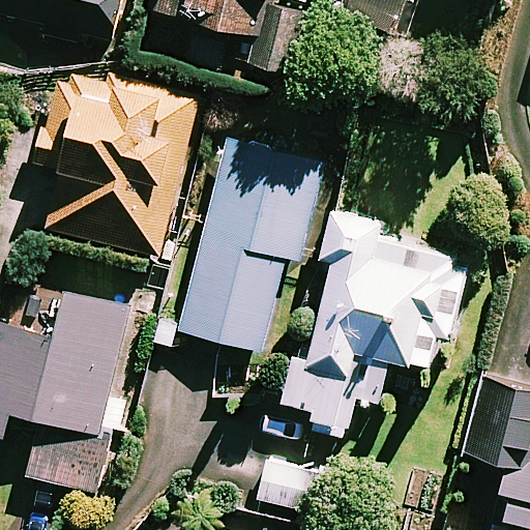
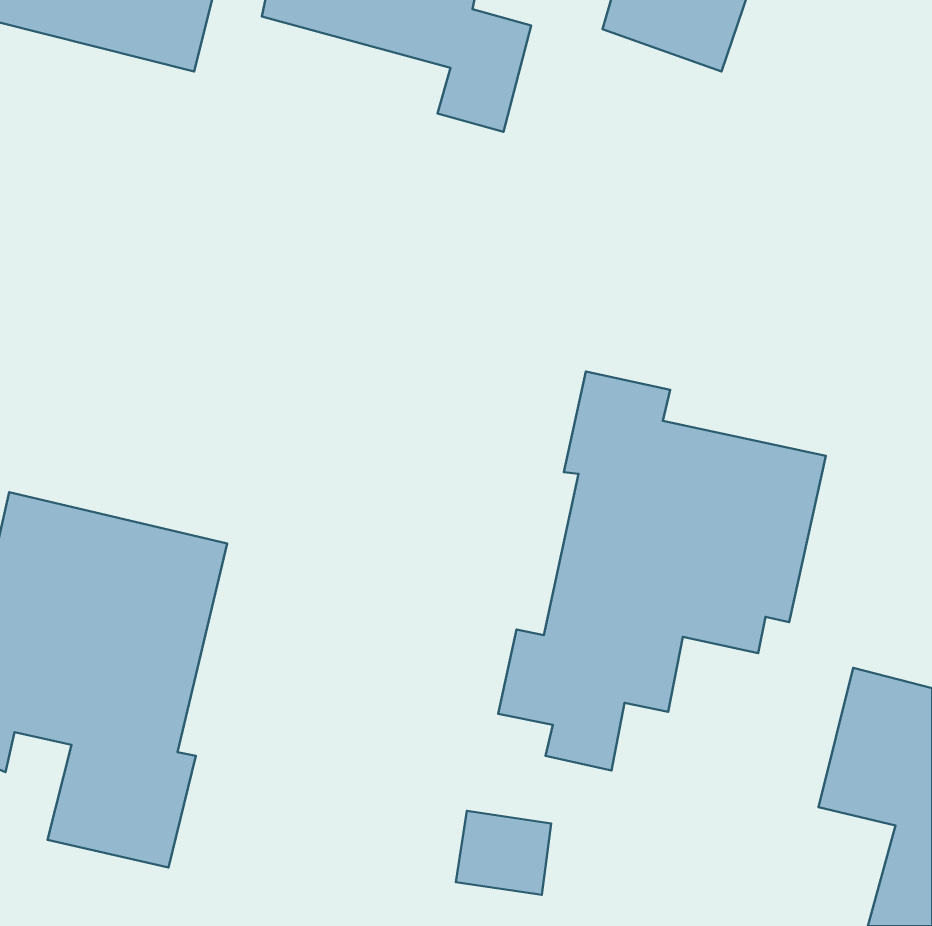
building: [36,73,198,256] -> none
building: [179,142,322,352] -> none

